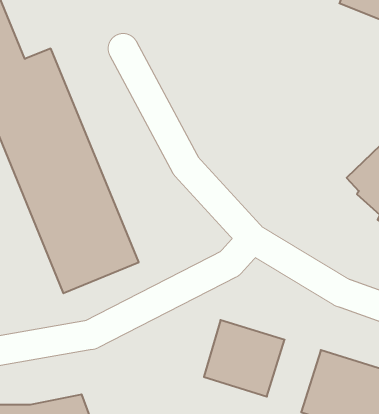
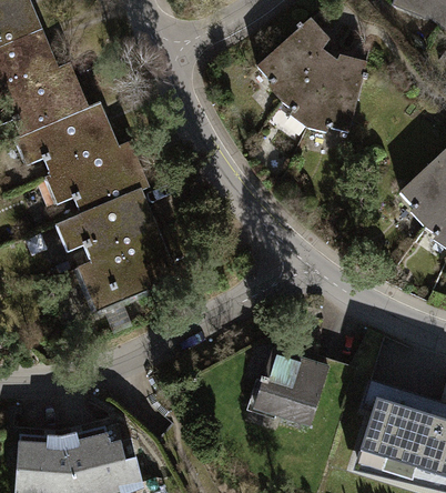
building: none -> [255,16,367,131]

